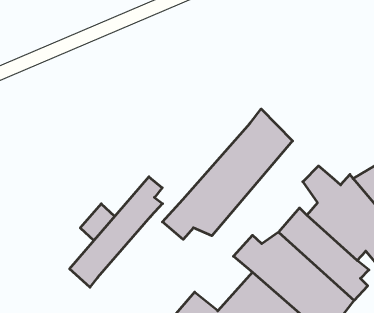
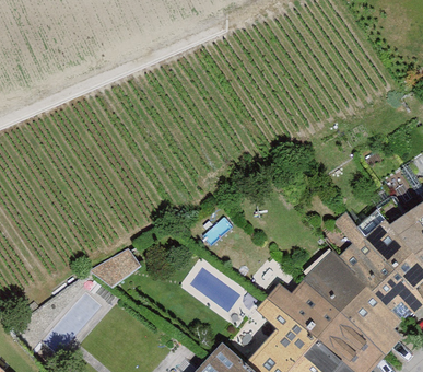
building: [162,109,293,239] -> none
building: [70,177,163,287] -> none

